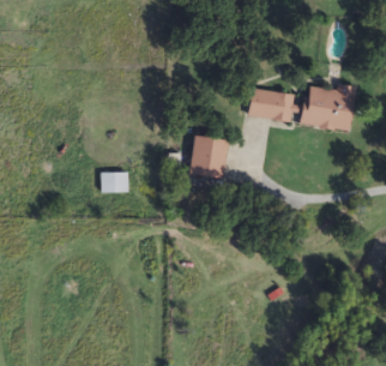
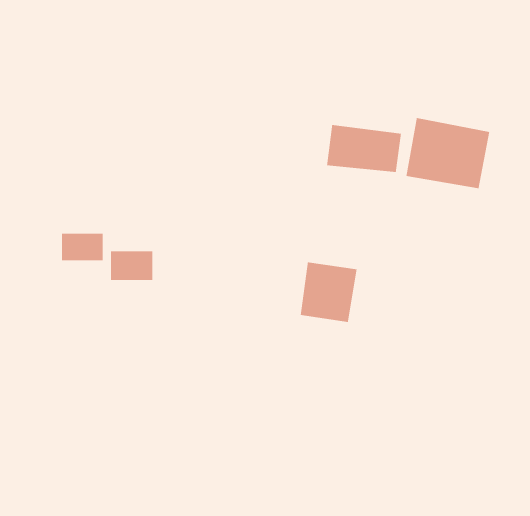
building: [188,136,227,176] -> [300,262,358,323]
building: none -> [61,233,103,261]

